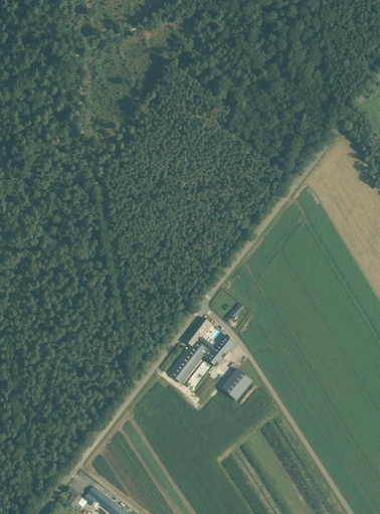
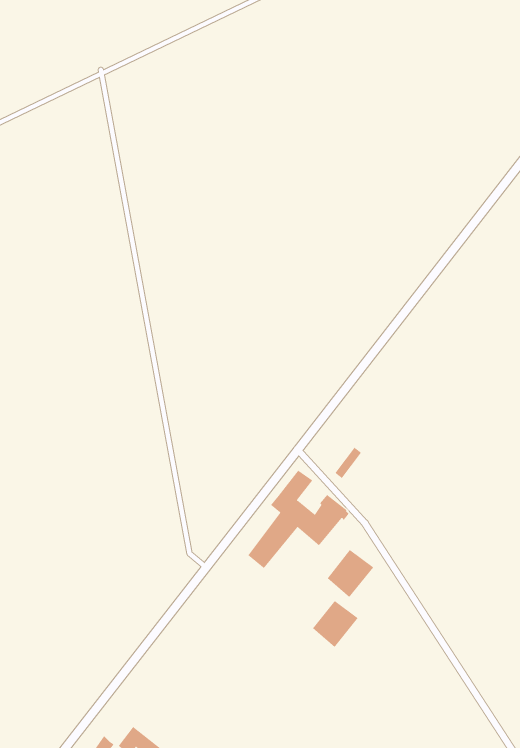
building: none -> [312,600,359,648]

